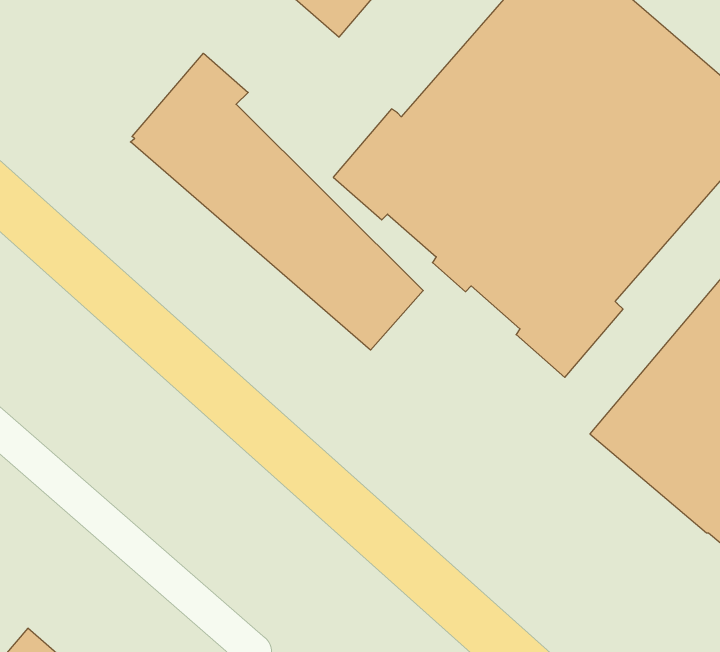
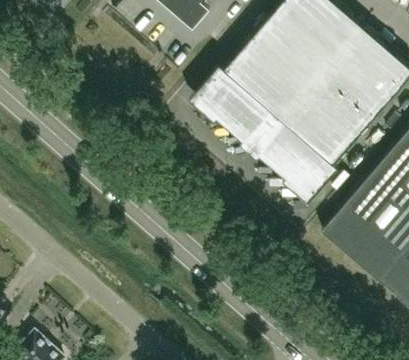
building: [130,53,423,350] -> none

